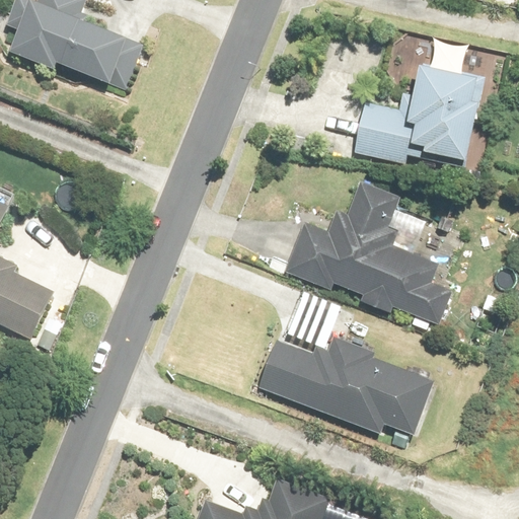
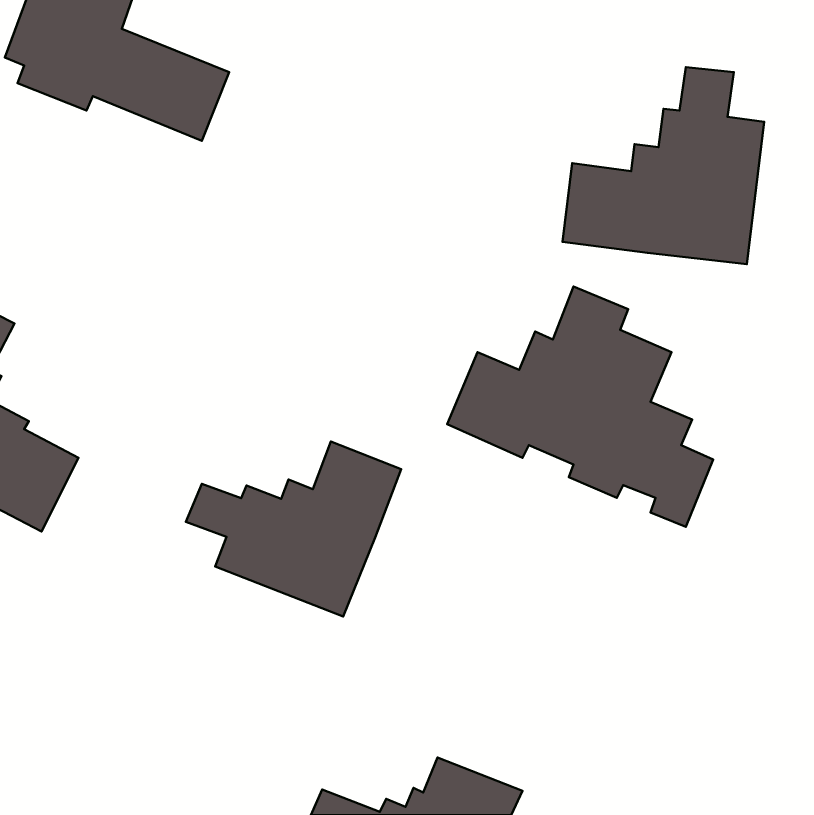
building: none -> [186,441,401,616]
building: [257,336,434,434] -> none

